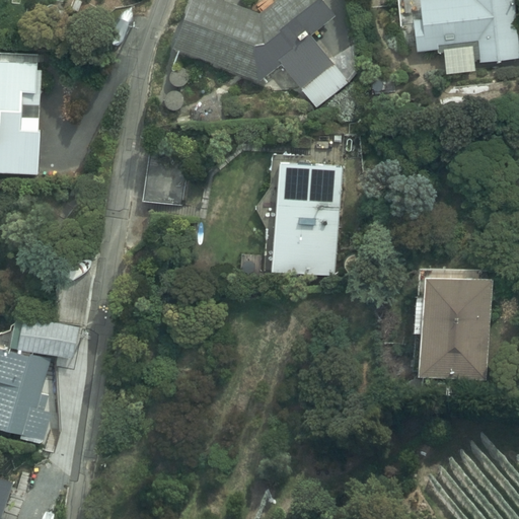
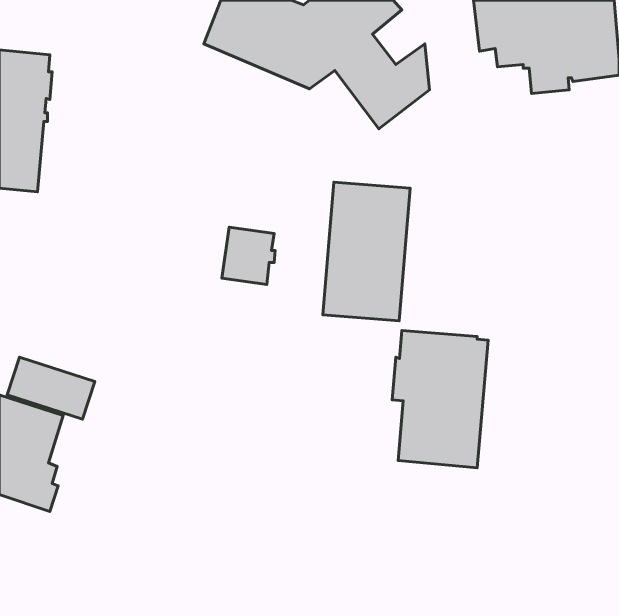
building: [141,157,186,205] -> [222,227,275,284]
building: [416,281,496,395] -> [392,331,488,468]

